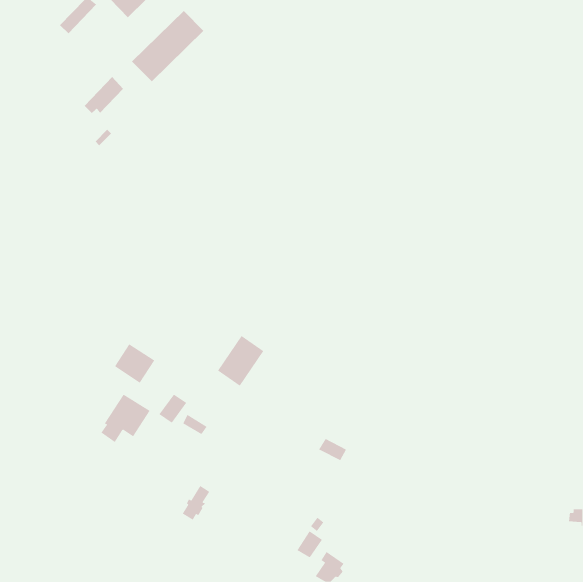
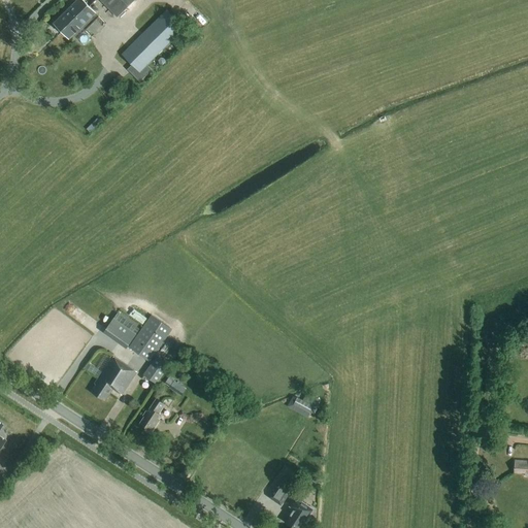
building: [84,76,124,114] -> [62,4,98,38]
building: [217,335,264,386] -> [129,315,171,361]
building: [182,485,210,520] -> [139,398,165,430]

